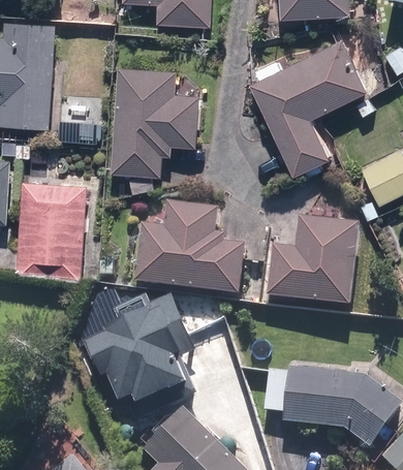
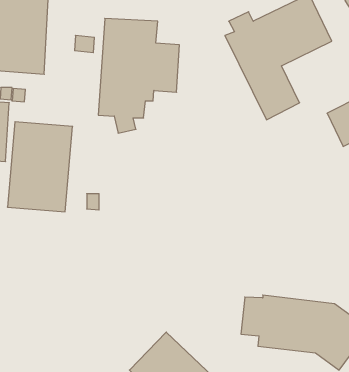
building: [133,202,245,295] -> none
building: [268,217,361,308] -> none
building: [79,294,186,399] -> none

